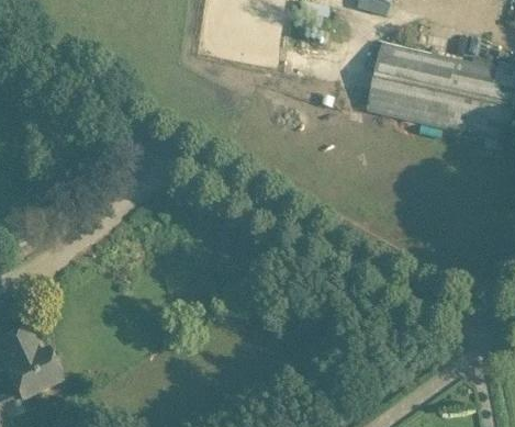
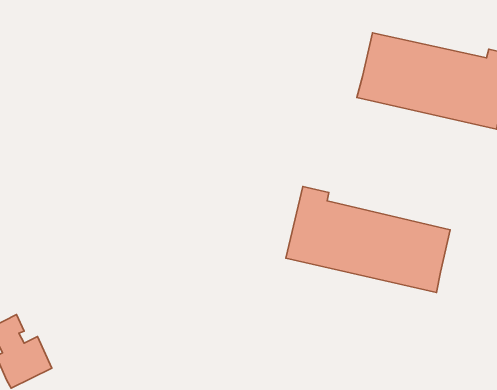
building: none -> [286,186,450,293]

